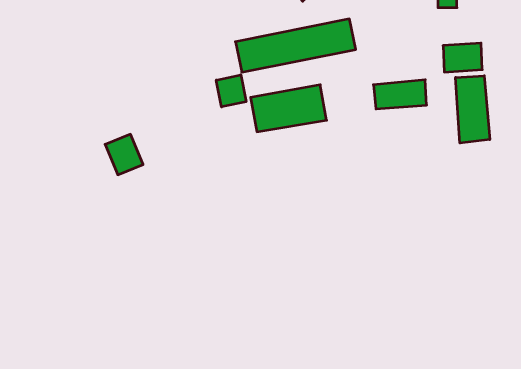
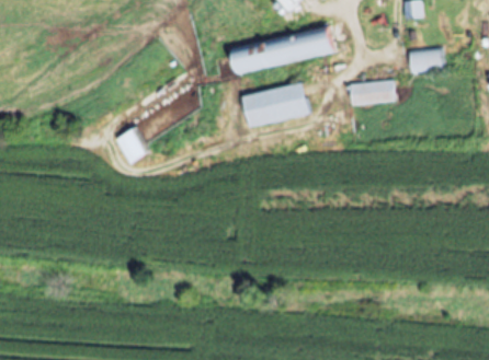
building: [216,75,246,107] -> none
building: [456,76,490,143] -> none

